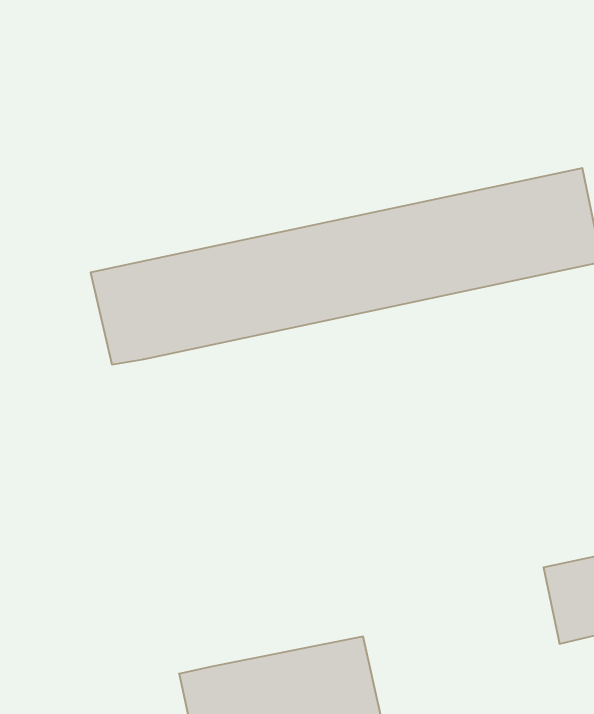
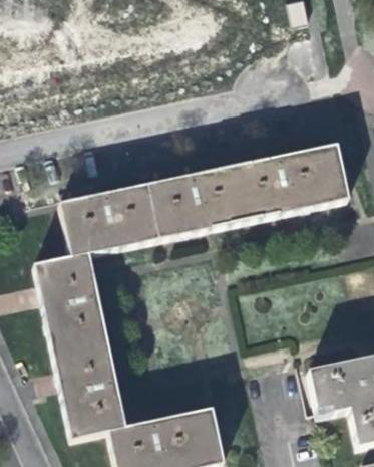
building: none -> [34,252,125,438]

